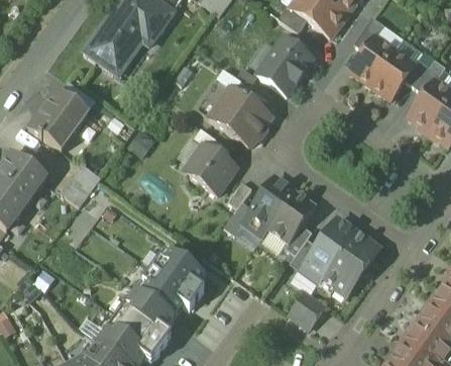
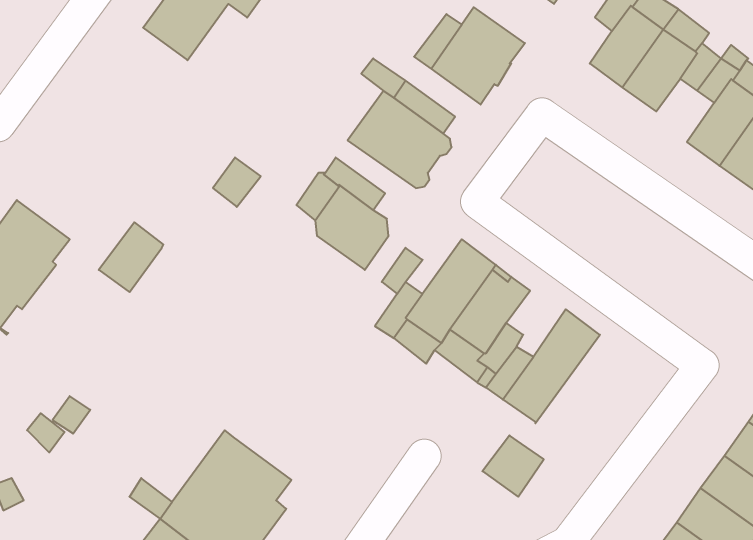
building: [28,89,88,146] -> none
building: [319,232,380,294] -> none
building: [140,249,206,317] -> none

